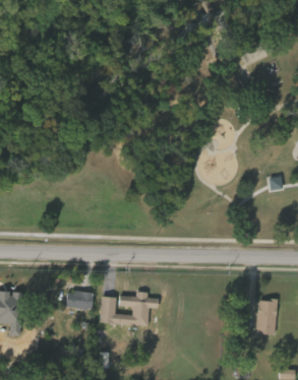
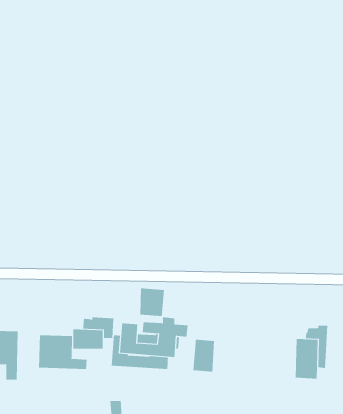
building: none -> [140,287,164,317]
building: none -> [39,335,87,370]
building: none -> [193,339,214,372]

